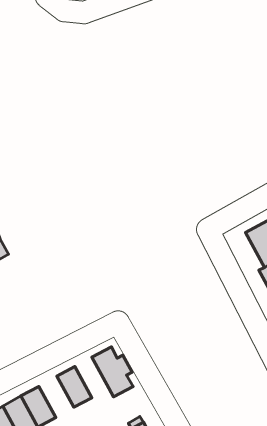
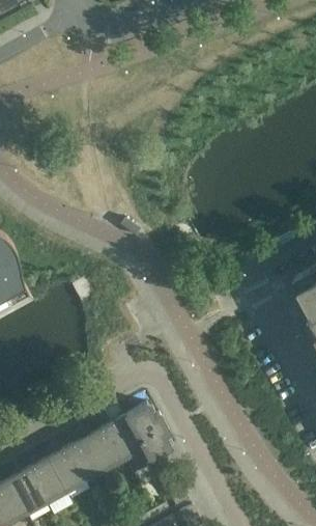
building: none -> [103,418,140,463]
building: none -> [63,439,102,485]

